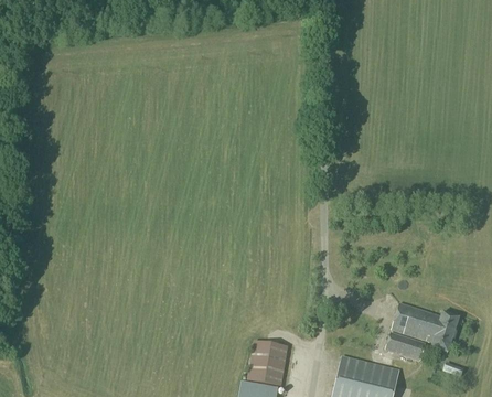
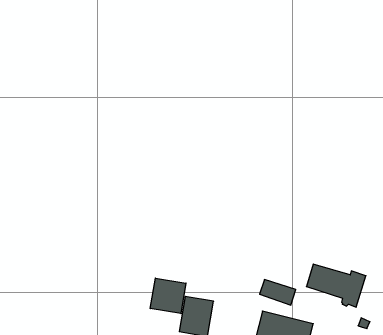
building: none -> [150,278,186,314]
building: [385,332,426,361] -> [260,280,296,305]

